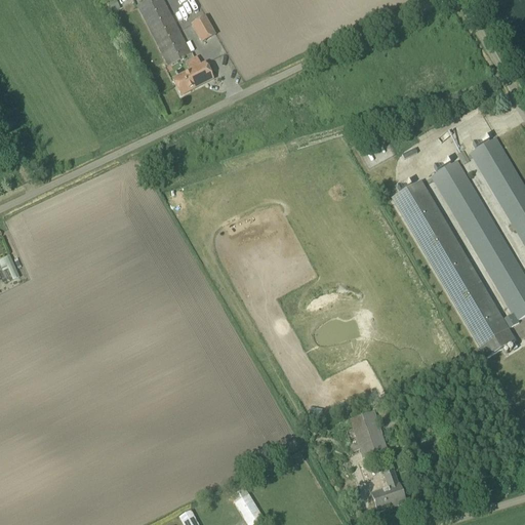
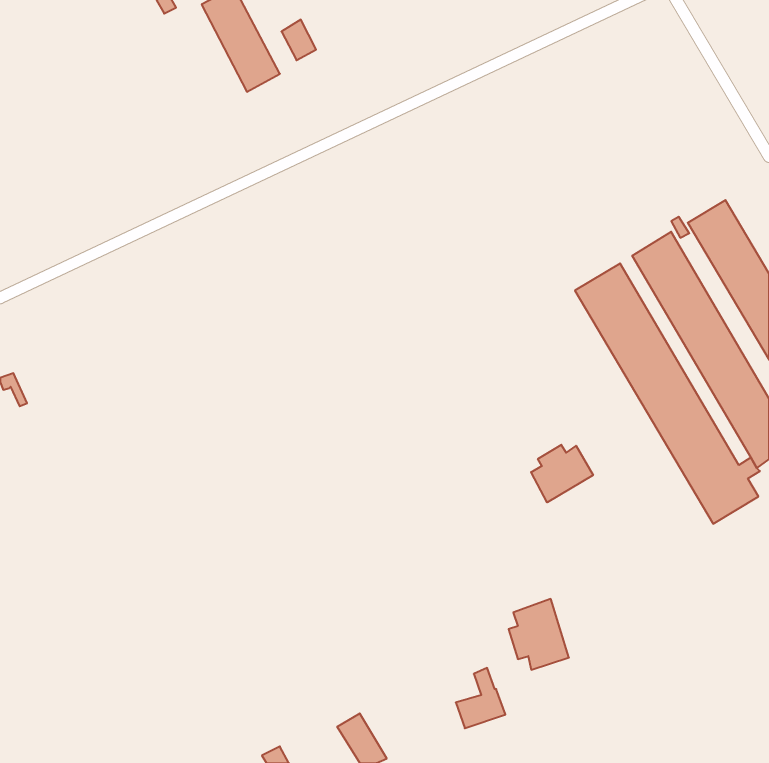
building: [172,59,212,92] -> none
building: none -> [531,445,593,502]
building: [371,469,405,510] -> [456,668,505,728]

